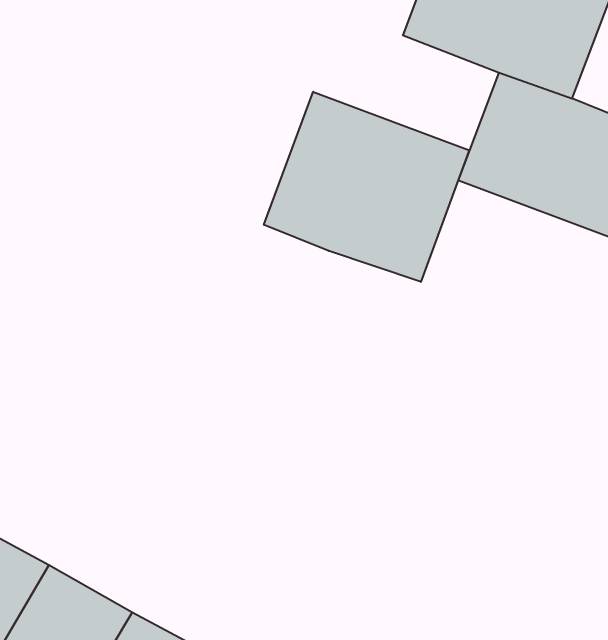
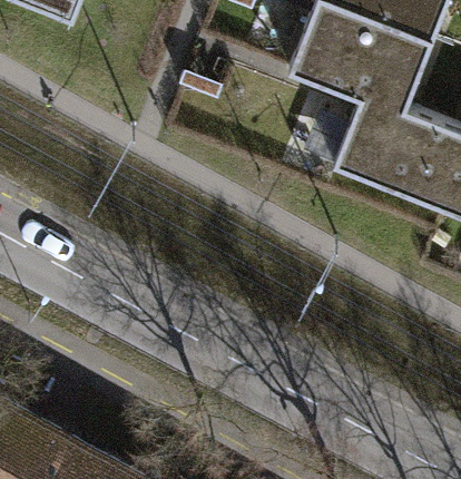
building: [264,92,469,282] -> none

